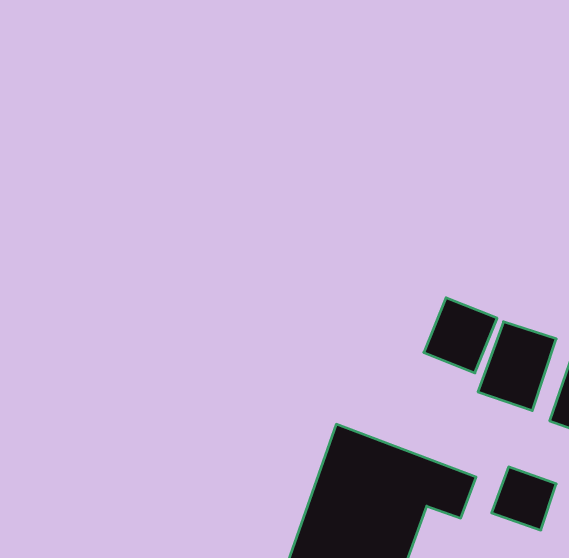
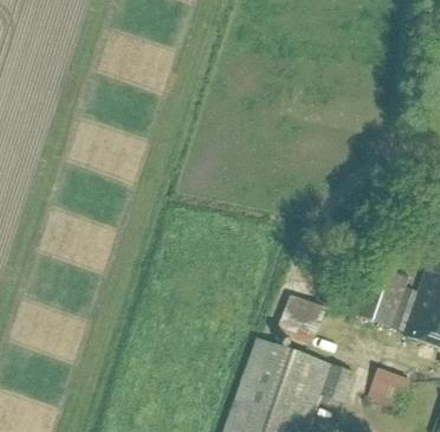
building: [424,298,497,373] -> [273,294,324,346]

